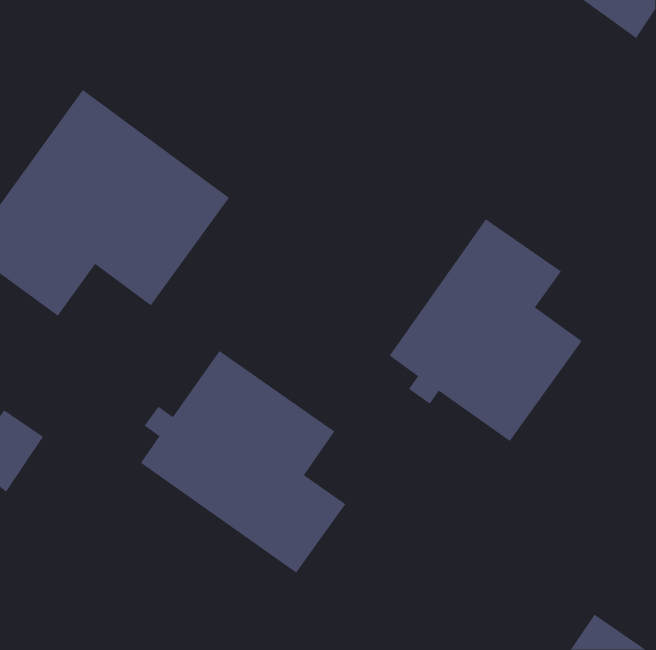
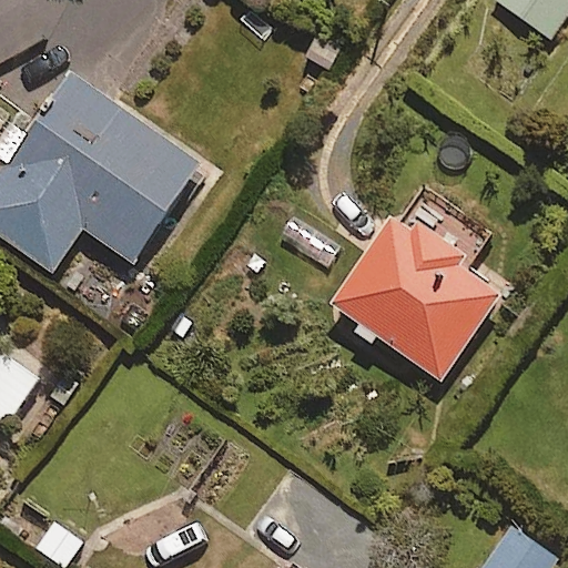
building: [140,350,346,574] -> none

